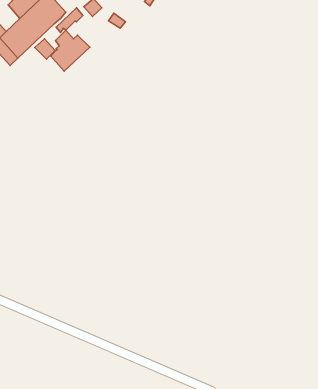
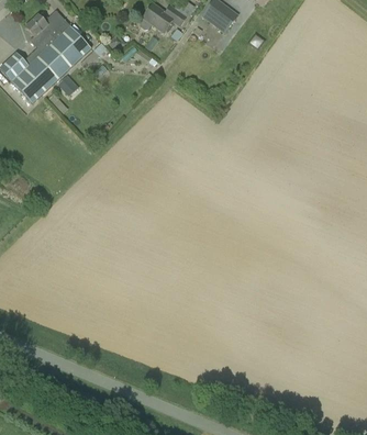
building: [51,30,90,71] -> none

